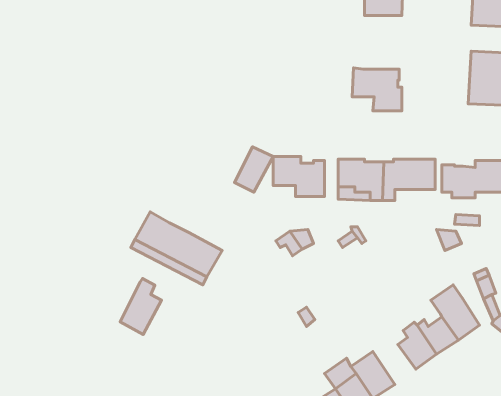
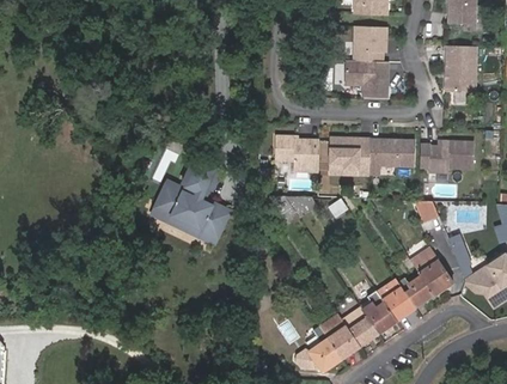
building: none -> [353,26,385,61]
building: [234,147,273,192] -> [185,163,219,202]
building: [120,278,161,334] -> none
building: none -> [364,291,398,334]

